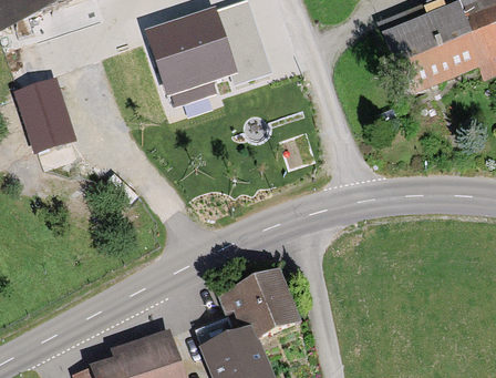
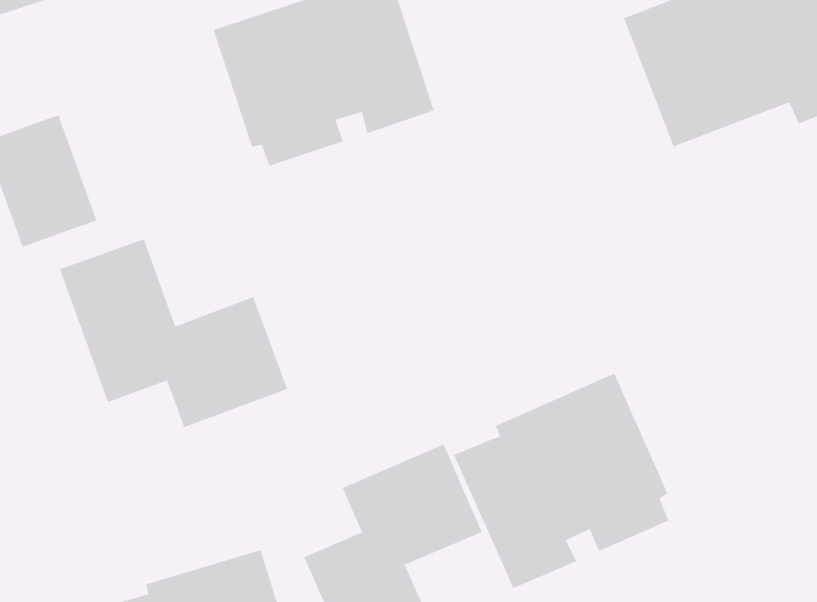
building: none -> [59,238,288,428]
building: none -> [453,373,669,589]

